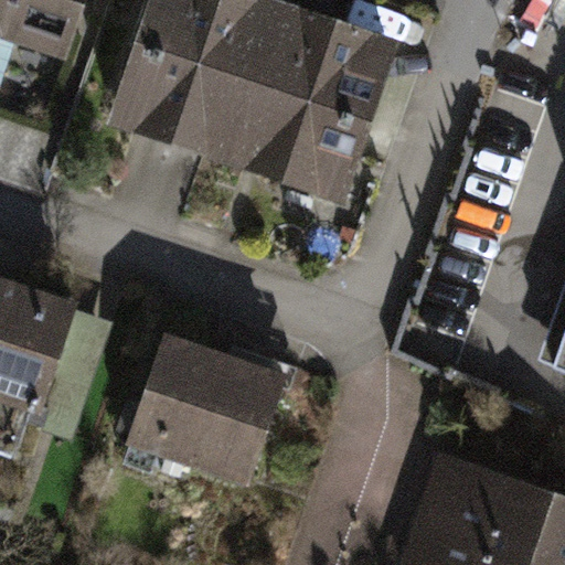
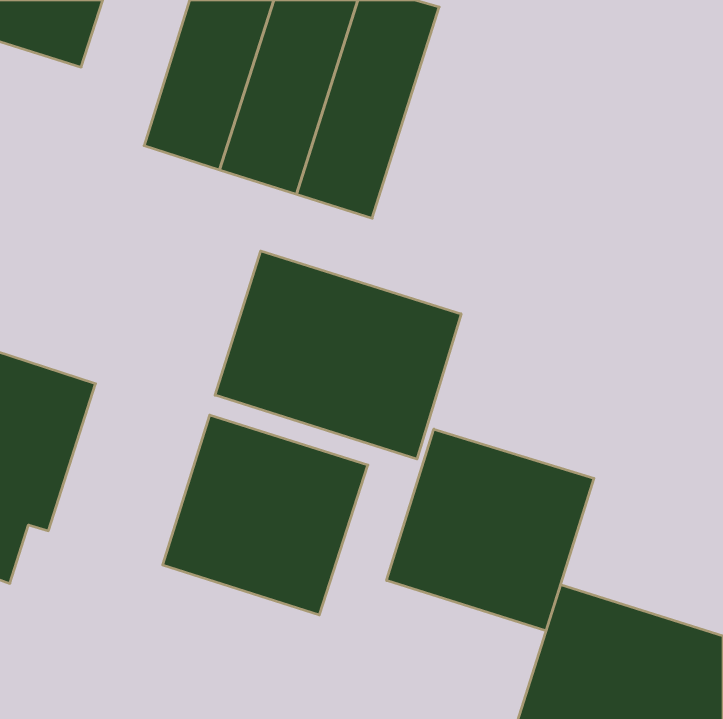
building: [288,13,399,195] -> none
building: none -> [215,251,461,459]
building: none -> [387,429,594,631]

